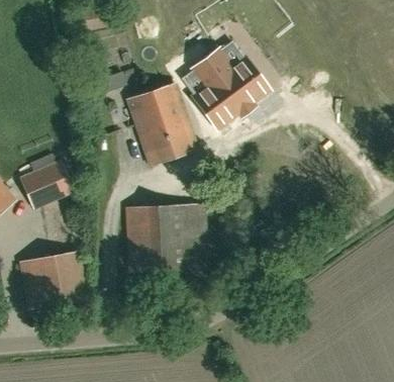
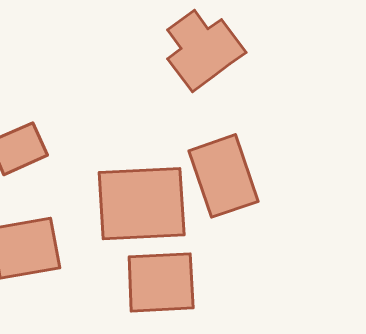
building: [128,83,196,164] -> [189,134,258,217]
building: none -> [129,254,193,311]

